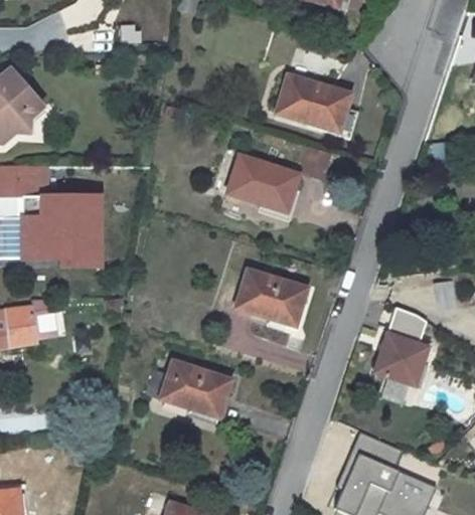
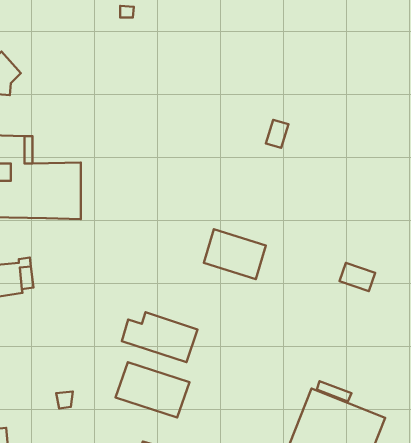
building: [278,76,352,133] -> none
building: [230,157,300,213] -> none
building: [368,331,429,390] -> none
building: none -> [115,362,189,418]

